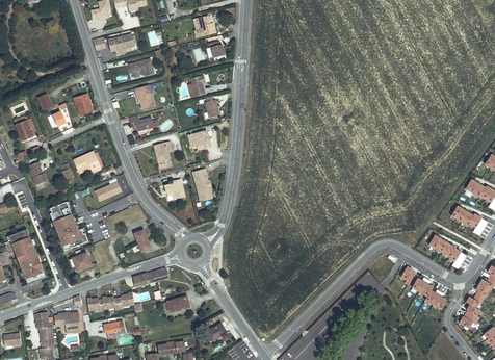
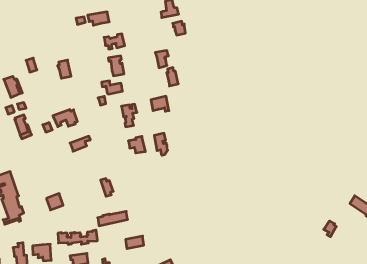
building: [49,202,87,251] -> none
building: [411,277,445,309] -> none

